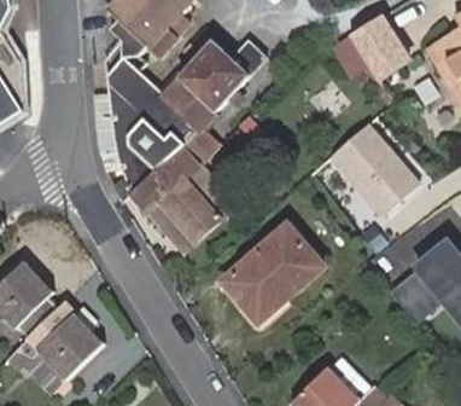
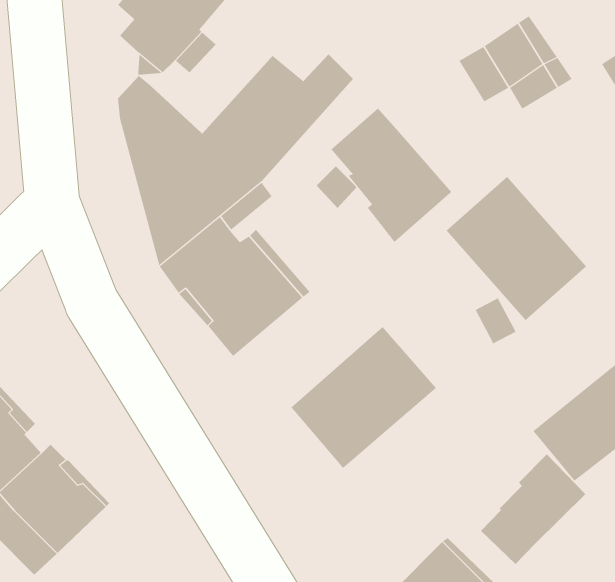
building: none -> [330,107,452,243]
building: none -> [480,453,586,565]

